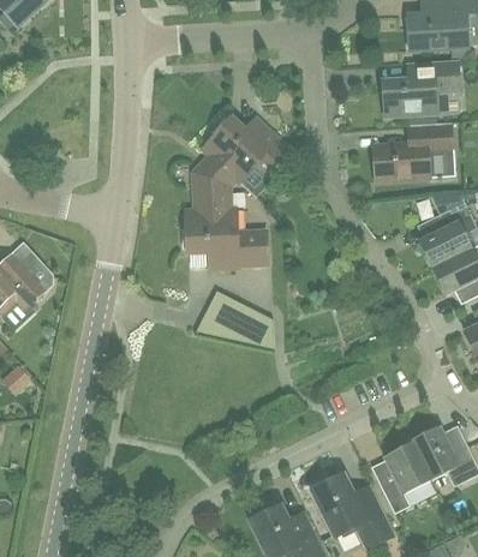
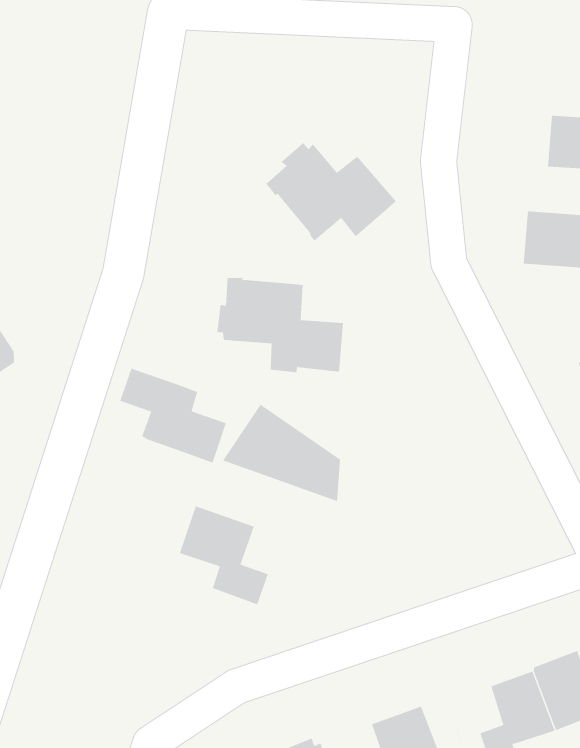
building: [195,152,235,210] -> none
building: none -> [119,368,226,463]
building: none -> [179,506,269,605]

